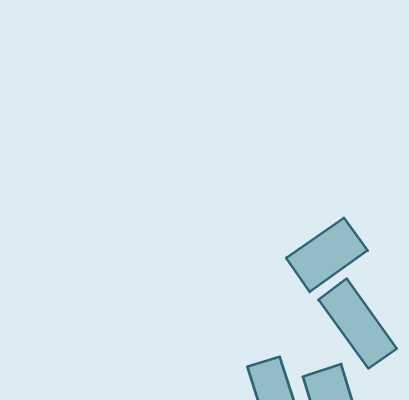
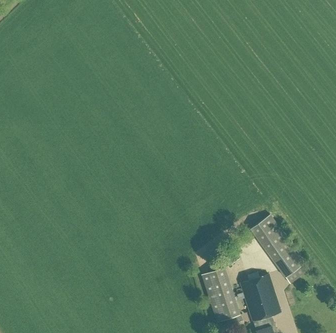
building: [286,218,368,292] -> none

